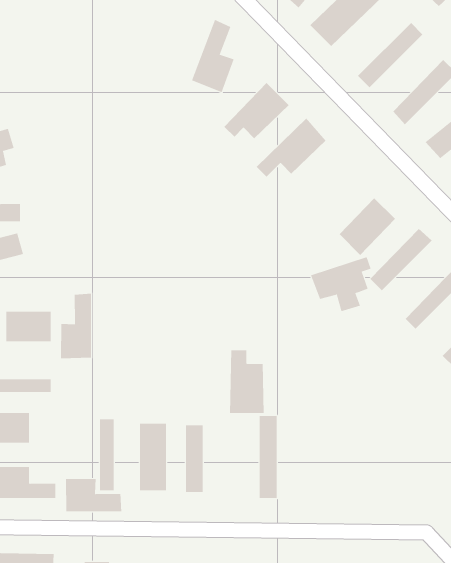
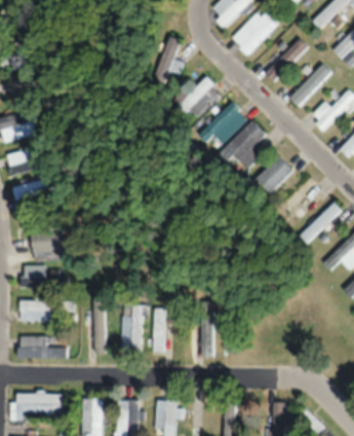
building: [310,257,372,312] -> [222,129,263,166]
building: [60,293,91,359] -> none
building: [230,350,264,414] -> none
building: [65,478,122,512] -> none

